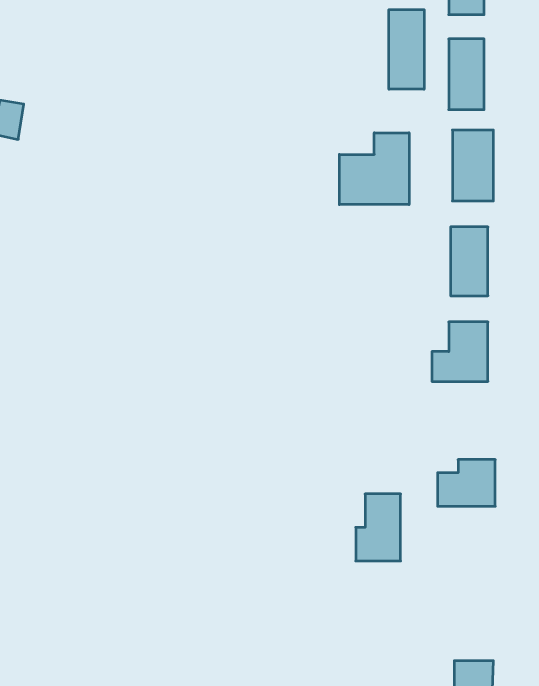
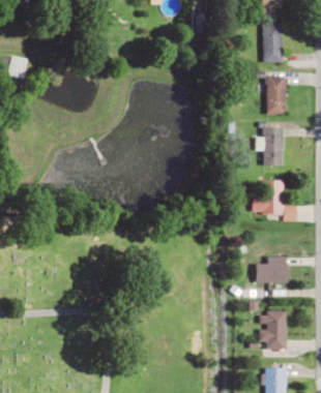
building: [389,10,424,89] -> none
building: [339,133,409,205] -> none
building: [356,494,401,561] -> [262,311,287,349]

